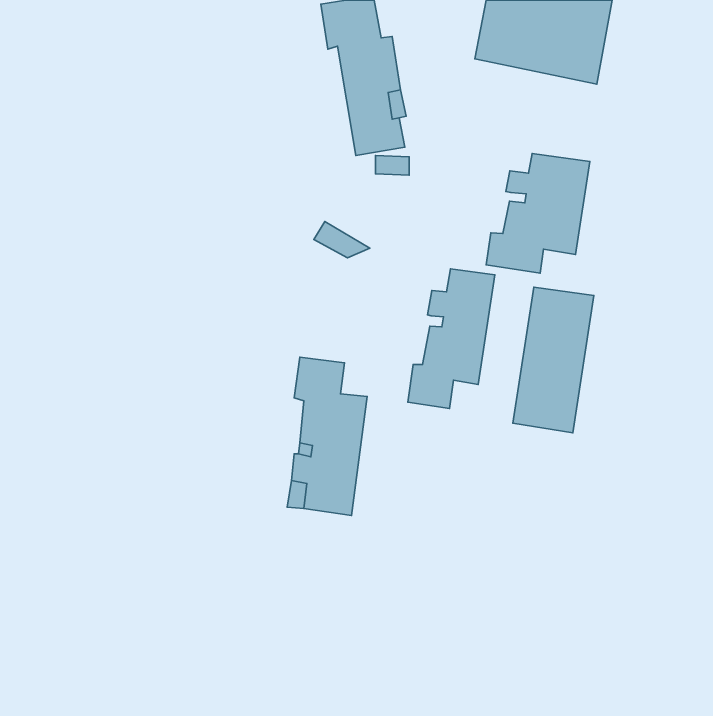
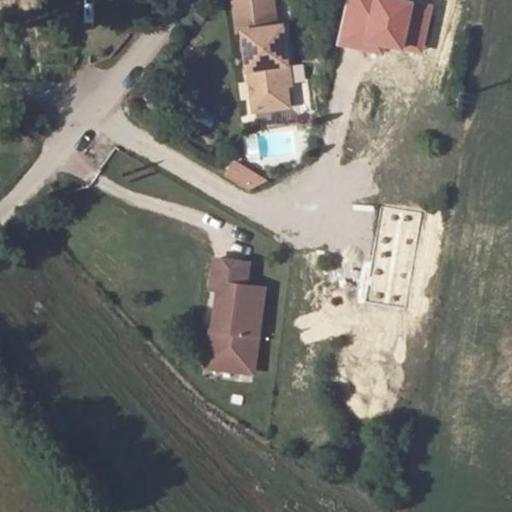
building: [486,153,590,273] -> none
building: [408,269,495,409] -> none

